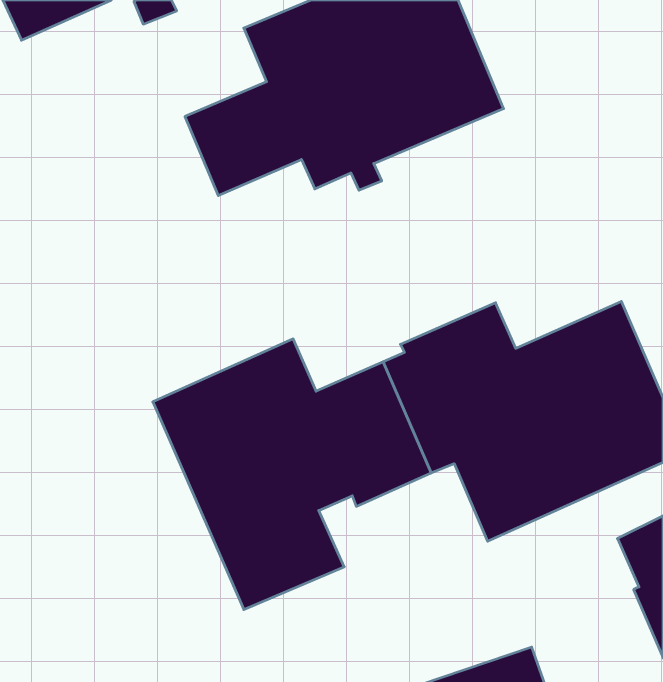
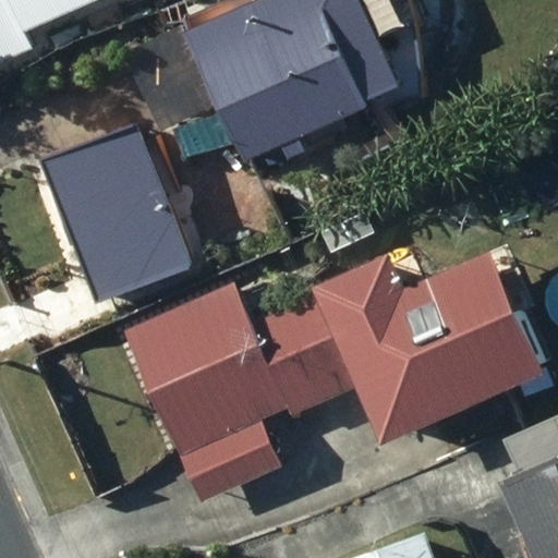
building: none -> [45,121,192,301]

